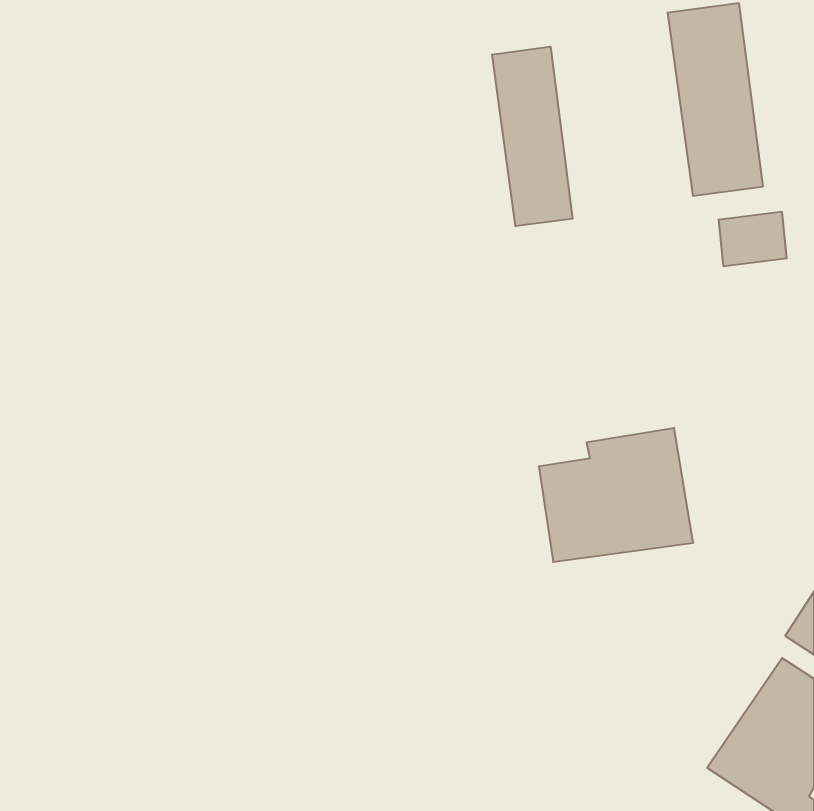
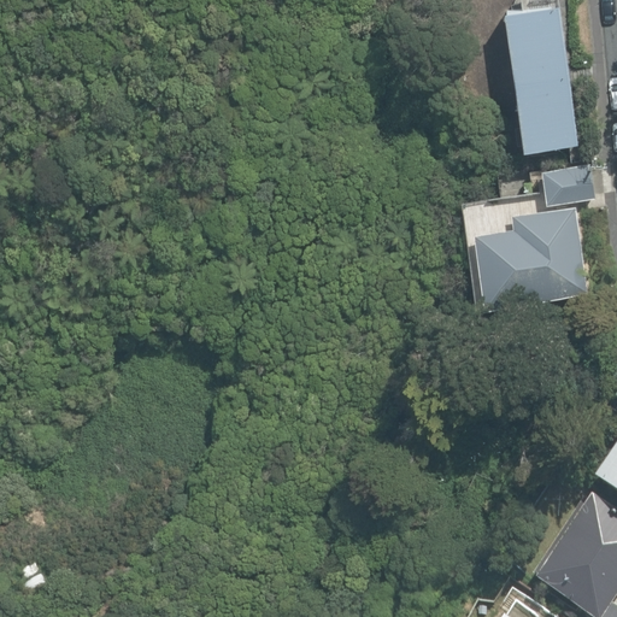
building: [492,47,573,226] -> none
building: [539,428,693,562] -> [472,206,589,307]

